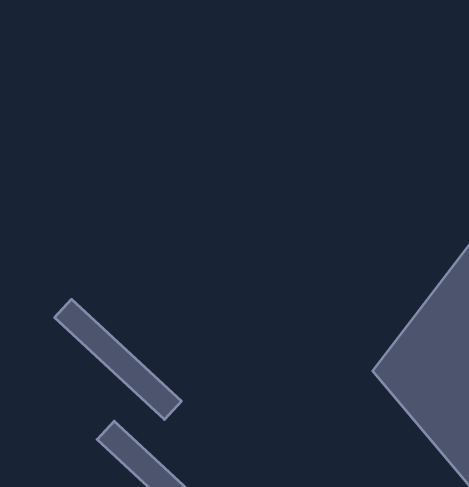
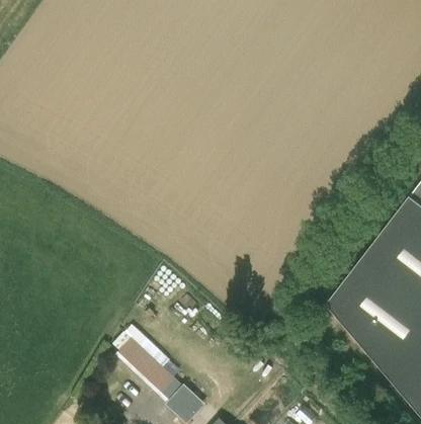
building: [55,299,181,420] -> none

